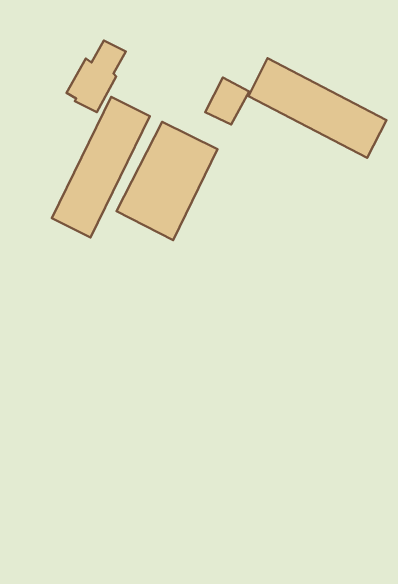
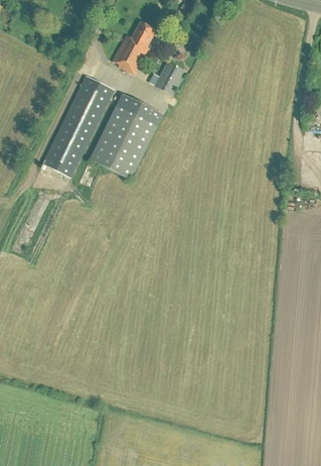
building: [67,41,126,112] -> [113,21,156,74]
building: [248,58,387,158] -> none

